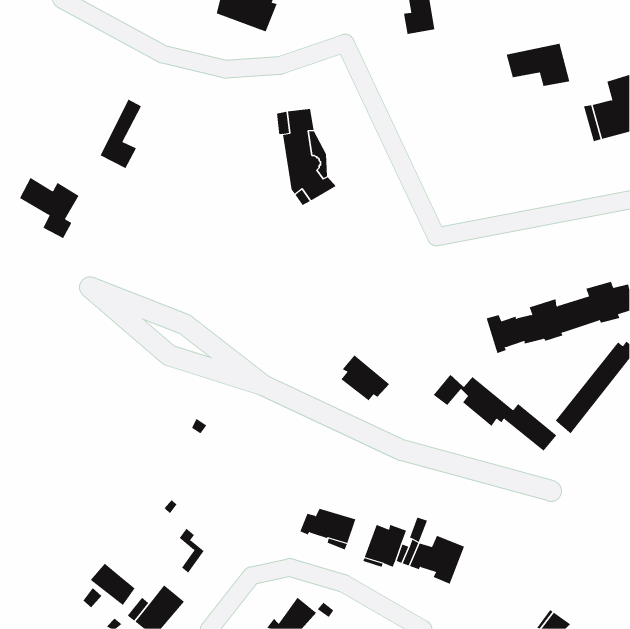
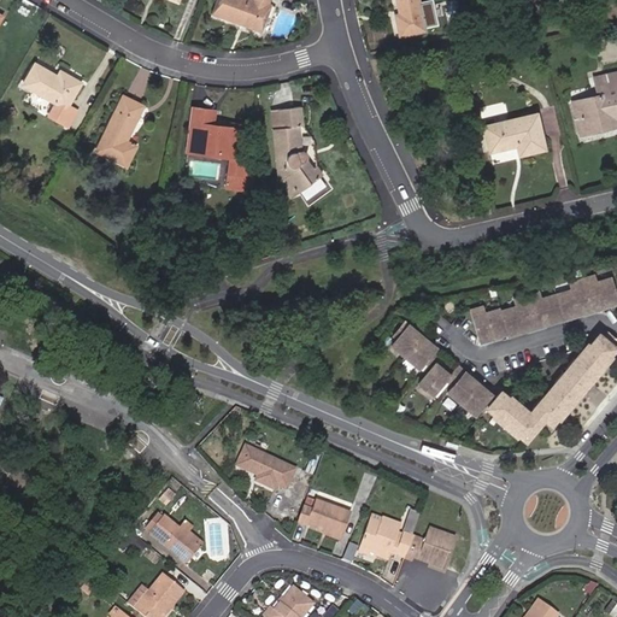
building: [506,43,570,86] -> [486,114,548,157]
building: none -> [184,110,251,193]
building: [19,177,79,239] -> [24,66,83,127]
building: [340,354,390,401] -> [395,324,443,370]
building: none -> [235,443,293,484]
building: [90,563,135,606] -> [145,512,189,554]

